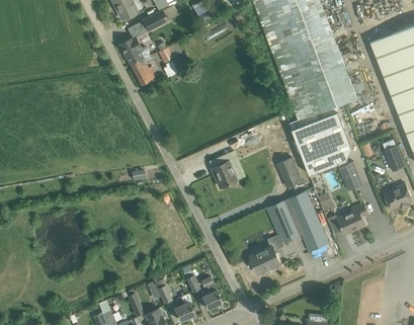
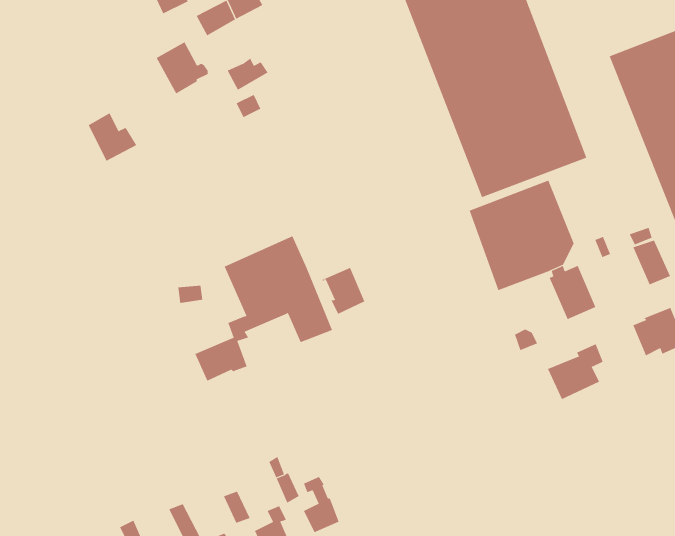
building: [130,58,157,85] -> [88,112,137,162]
building: [277,158,301,188] -> none
building: [250,191,327,273] -> [195,236,333,383]

